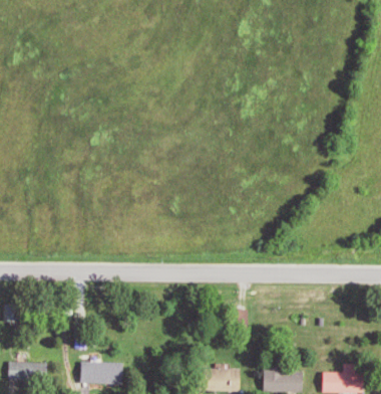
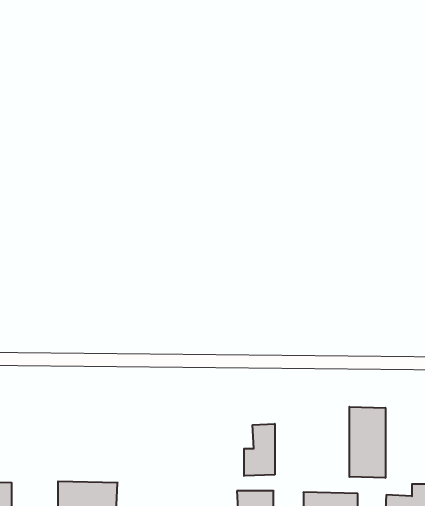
building: none -> [349,407,385,478]
building: none -> [244,424,275,476]

